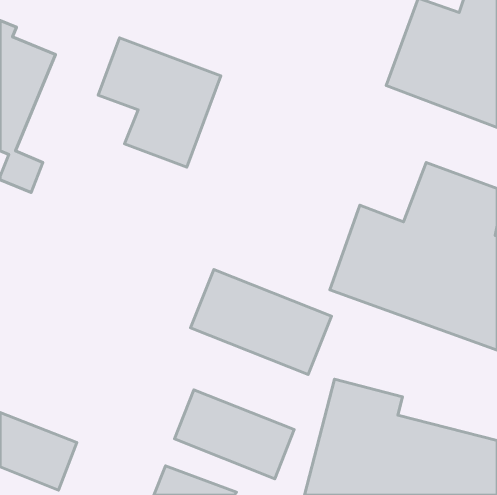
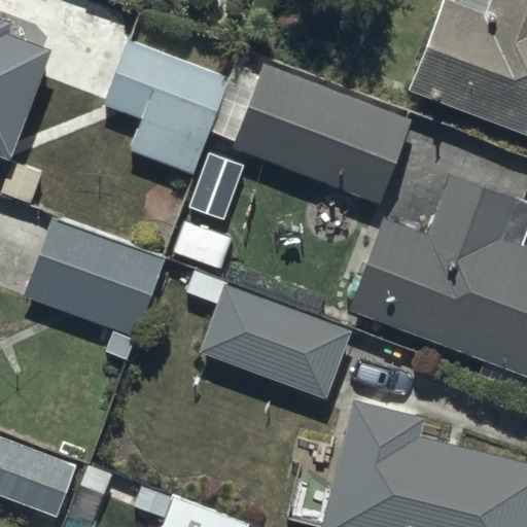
building: none -> [227,63,413,205]
building: none -> [25,217,167,339]
building: [174,390,294,479] -> none

